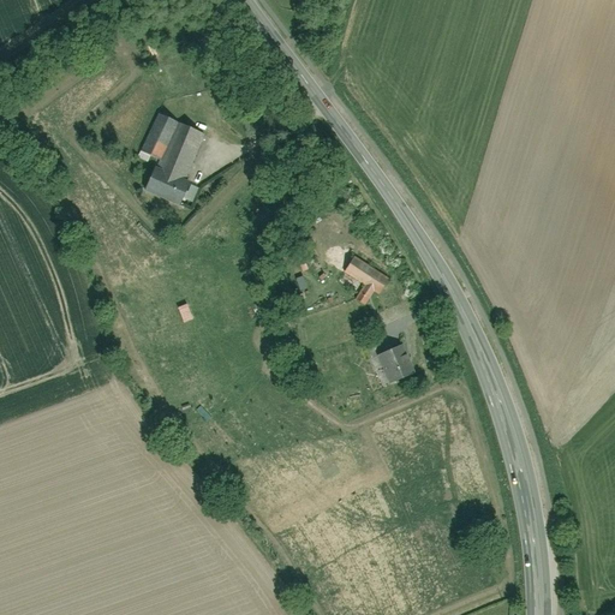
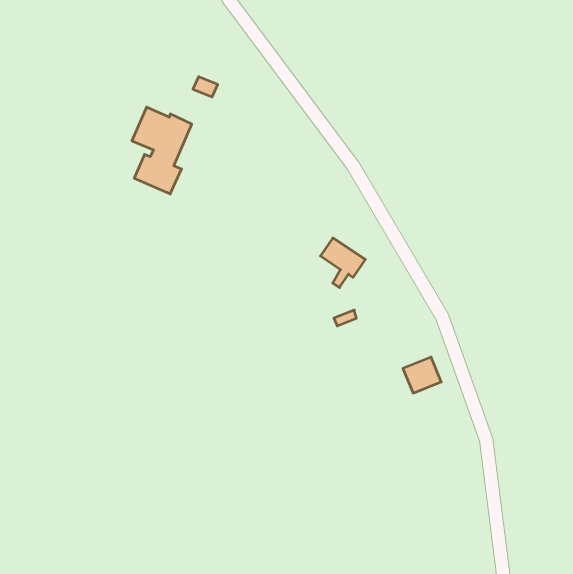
building: [376,345,417,383] -> [403,357,441,393]

